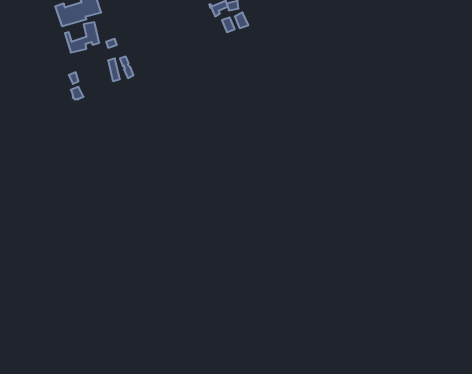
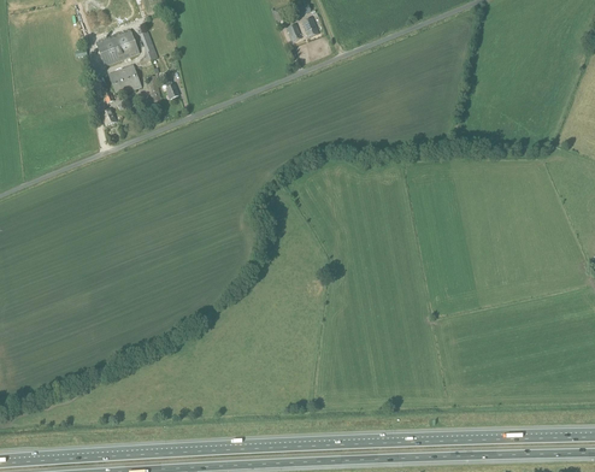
building: none -> [108,64,142,96]

